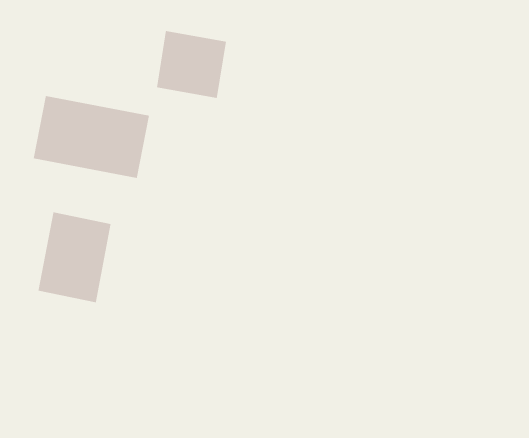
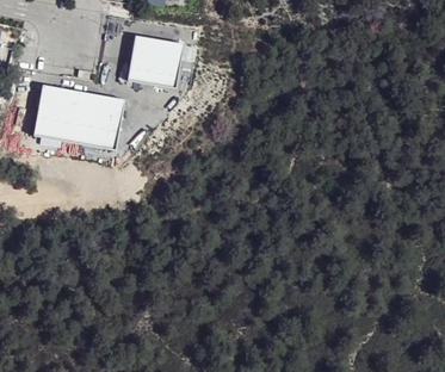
building: [38,212,111,303] -> none

